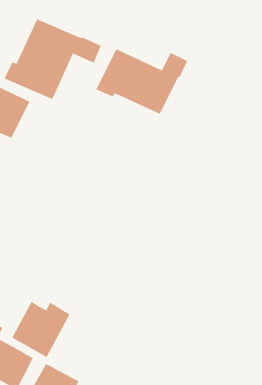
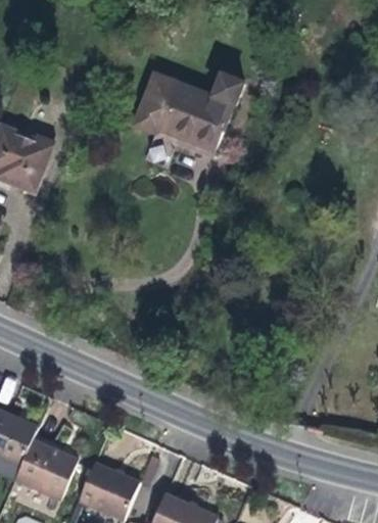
building: [4,19,102,100] -> none
building: [12,301,70,358] -> none

